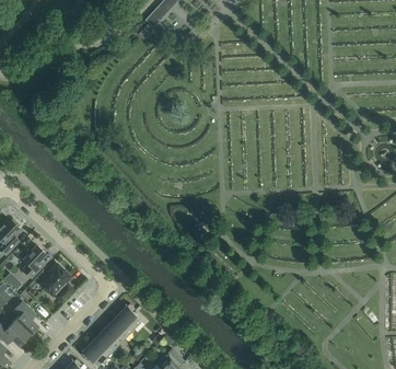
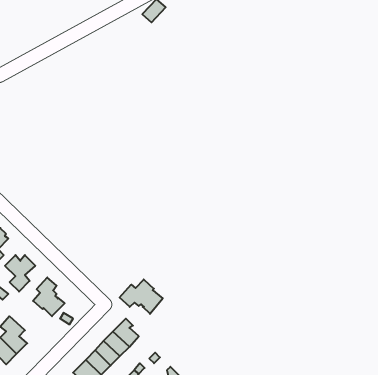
building: none -> [120,279,163,314]

